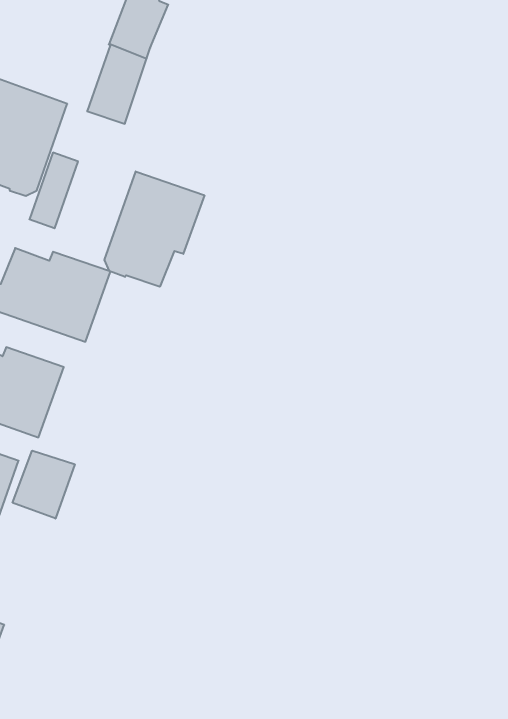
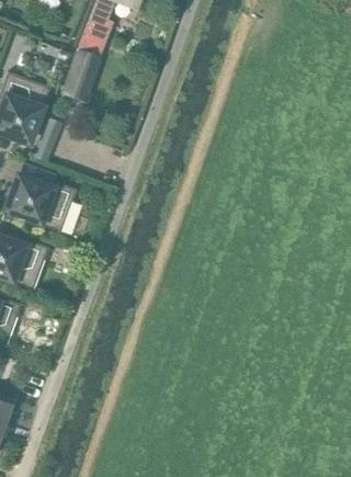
building: [105,171,204,287] -> none
building: [13,451,75,519] -> none

